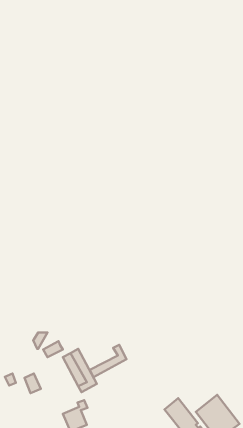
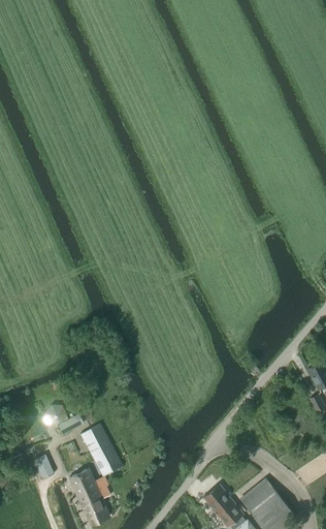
building: [90,345,127,377] -> none
building: none -> [69,468,104,502]

